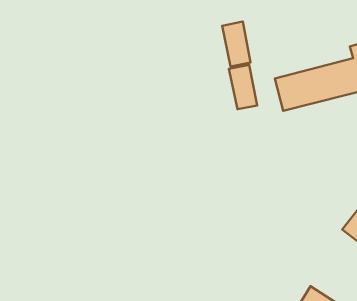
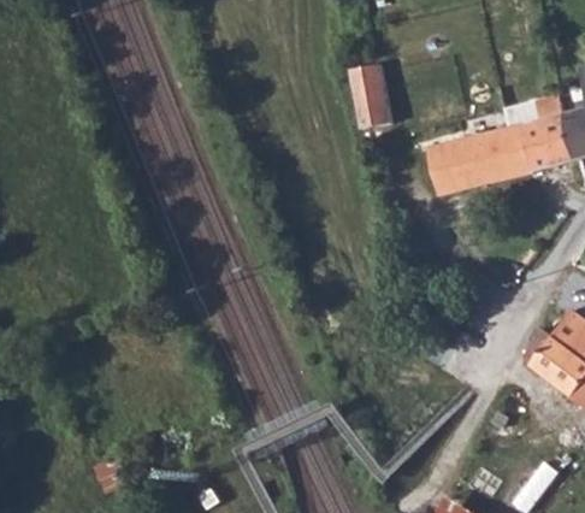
building: [229,65,257,109] -> none

